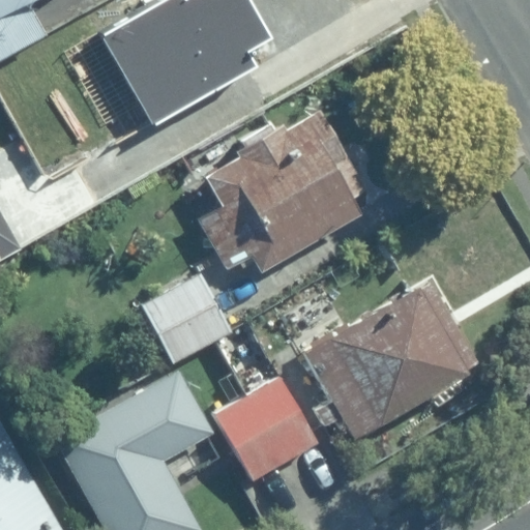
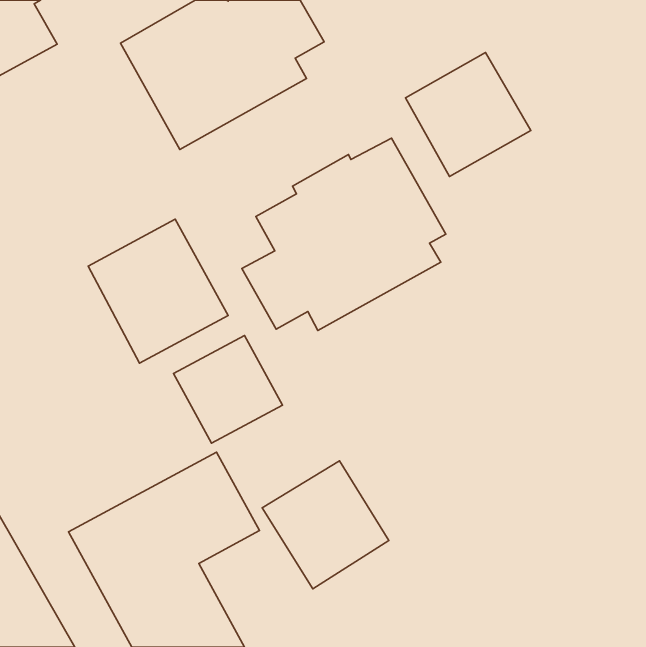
building: none -> [406,52,531,177]
building: none -> [88,219,228,363]
building: [306,288,471,439] -> none

